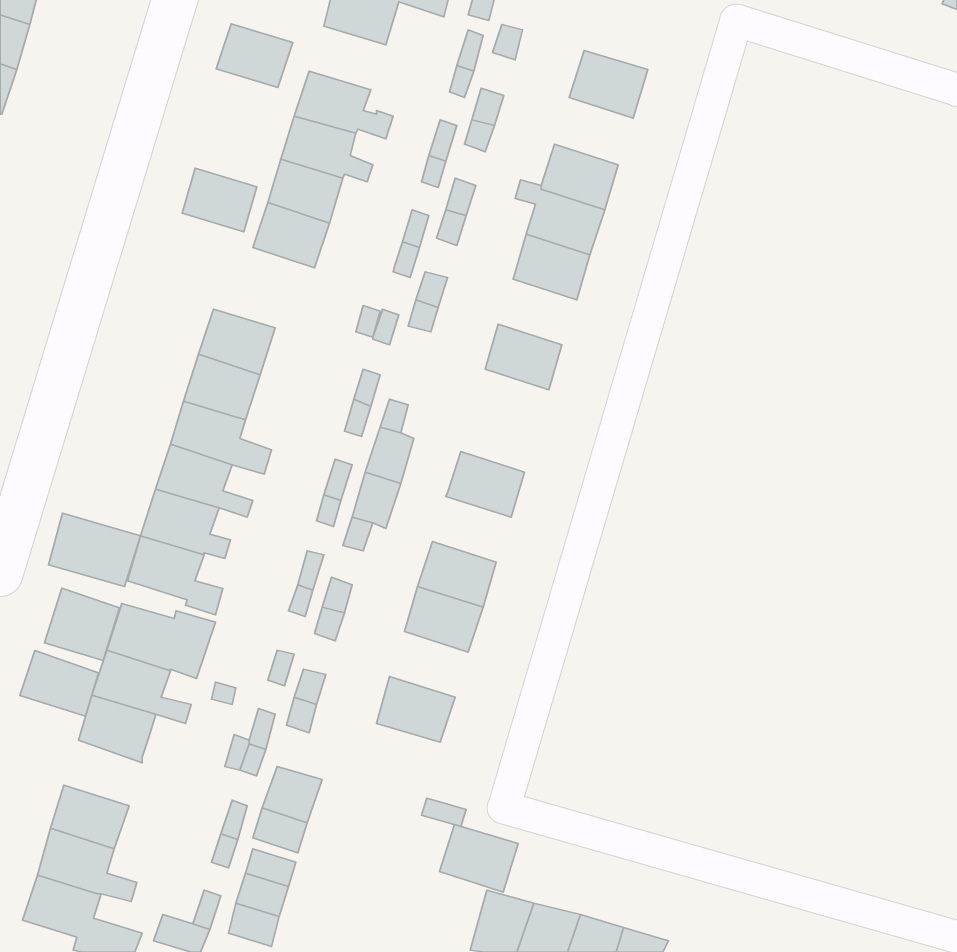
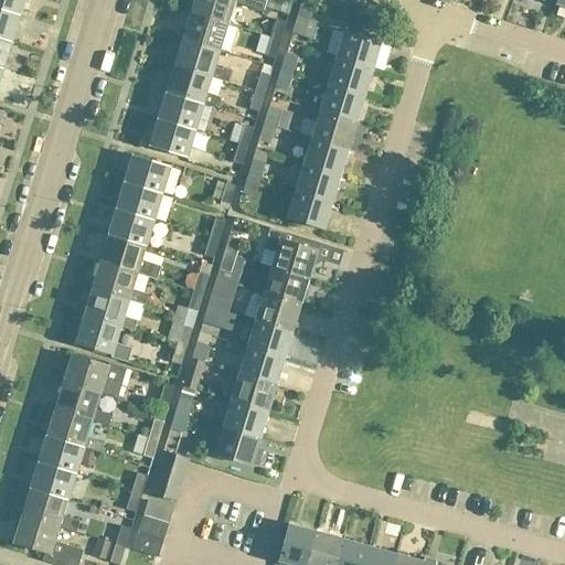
building: [216,24,293,87] -> [182,15,227,53]
building: none -> [327,57,373,97]
building: [182,168,257,232] -> [126,156,170,193]
building: none -> [294,164,340,203]
building: none -> [264,227,318,278]
building: none -> [255,292,301,331]
building: [48,513,140,586] -> none
building: [44,588,120,661] -> none
building: none -> [230,372,276,411]
building: [20,650,99,716] -> [38,436,84,475]
building: [439,825,518,892] -> [213,426,259,466]

